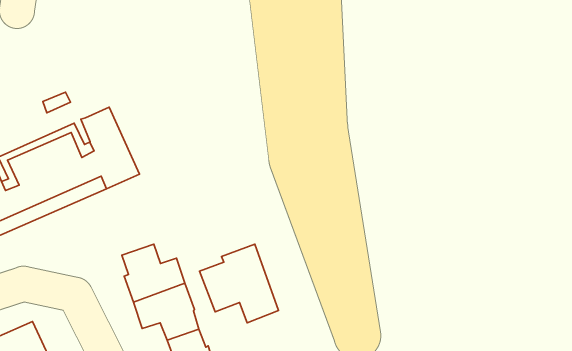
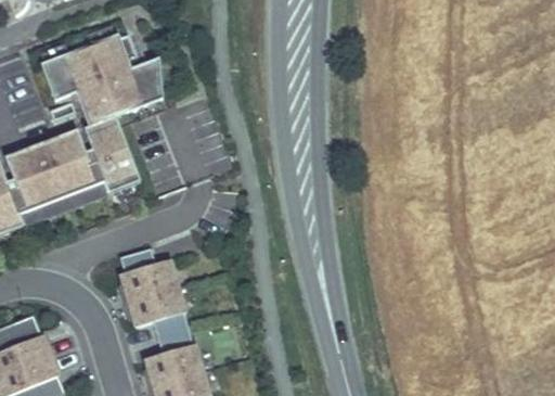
building: none -> [40,33,162,125]
building: [200,244,278,323] -> none

